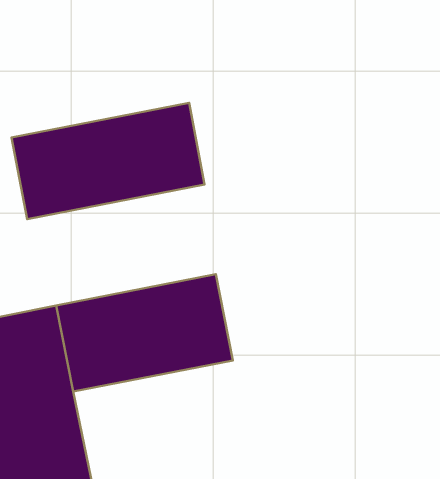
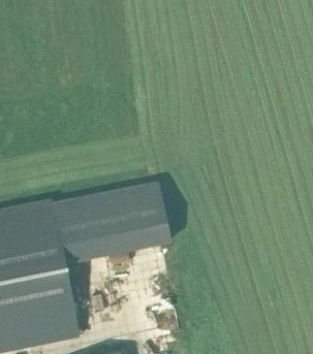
building: [12,103,205,219] -> none

